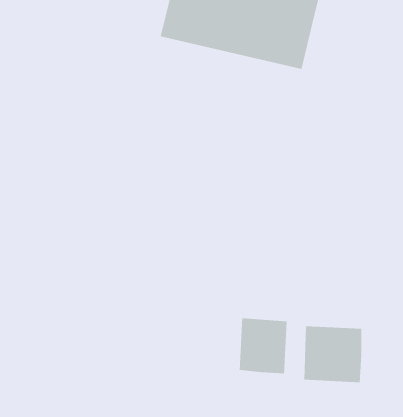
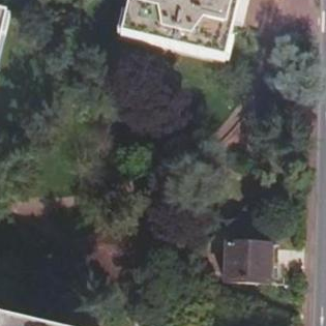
building: [239,317,287,374] -> none

